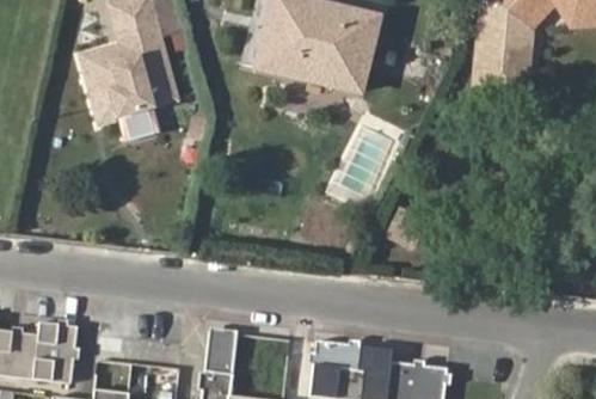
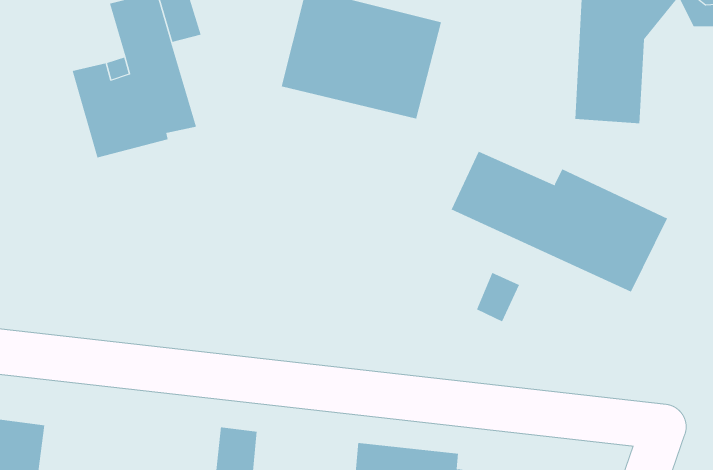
building: none -> [451,151,668,292]

